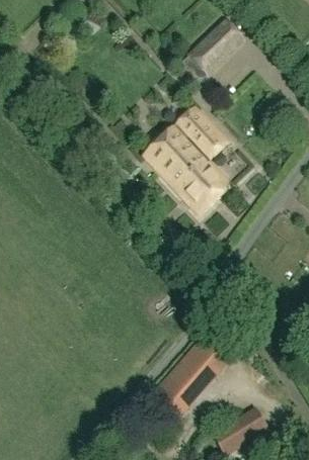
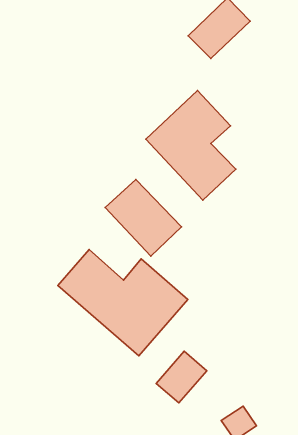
building: none -> [105,180,181,256]
building: none -> [58,250,188,356]

